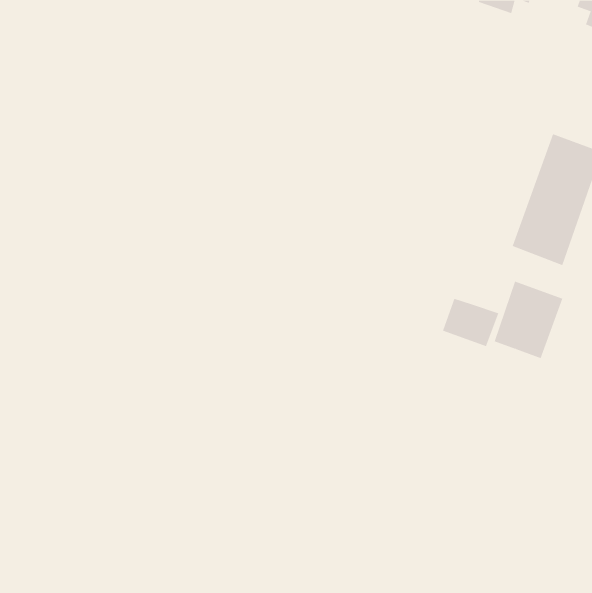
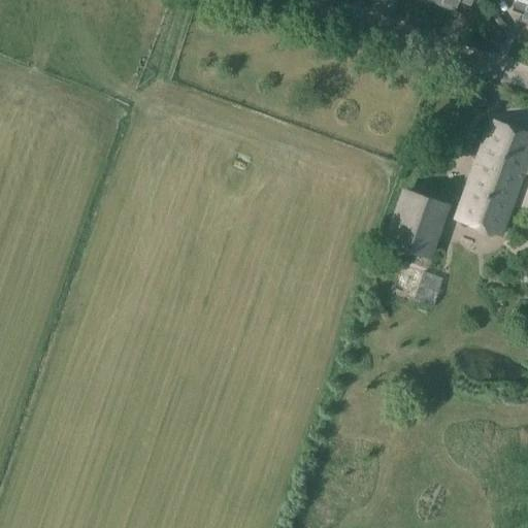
building: [494,281,563,359] -> [387,189,449,258]

